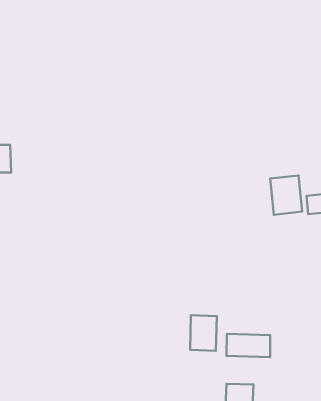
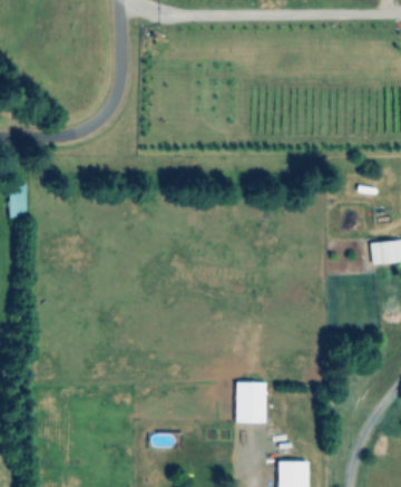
building: [270,175,302,215] -> none
building: [226,334,270,357] -> none

